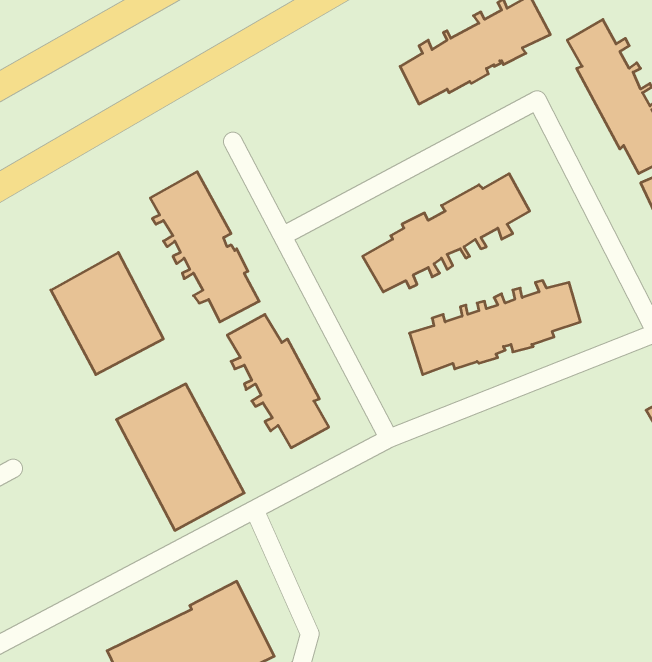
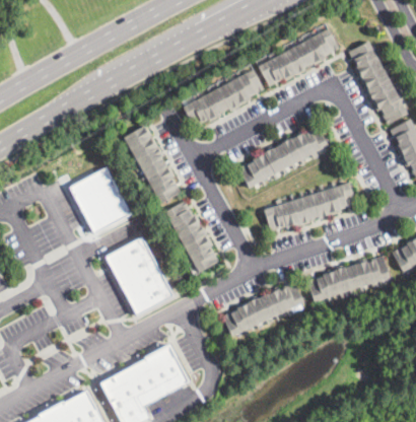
building: none -> [183,69,263,127]
building: none -> [305,256,389,302]
building: none -> [222,282,303,336]

